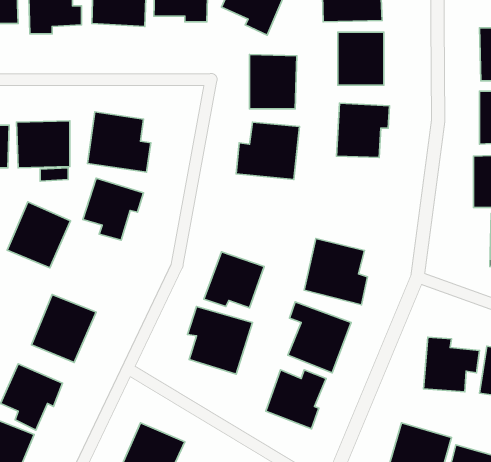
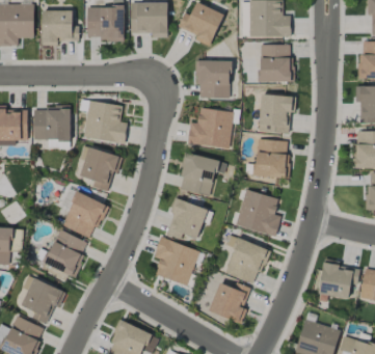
building: none -> [255,139,289,178]
building: none -> [178,153,219,197]
building: [7,202,71,268] -> [62,192,107,239]

